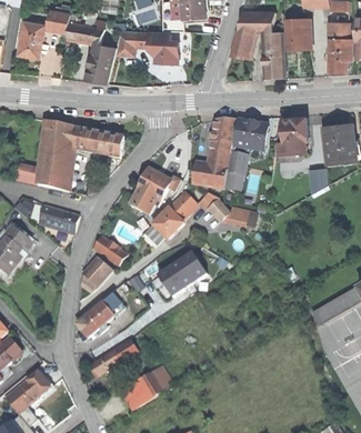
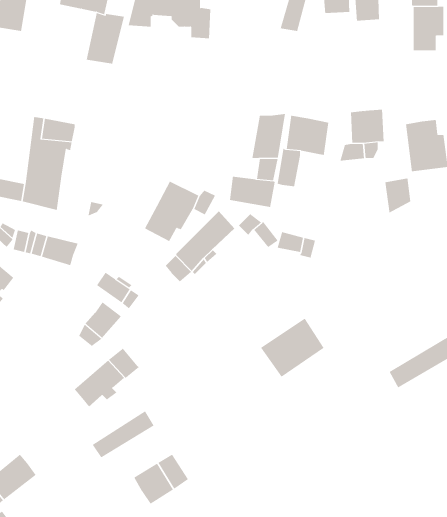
building: [263,43,284,78] -> none
building: [74,129,123,154] -> none
building: [159,250,207,294] -> [260,318,324,378]

